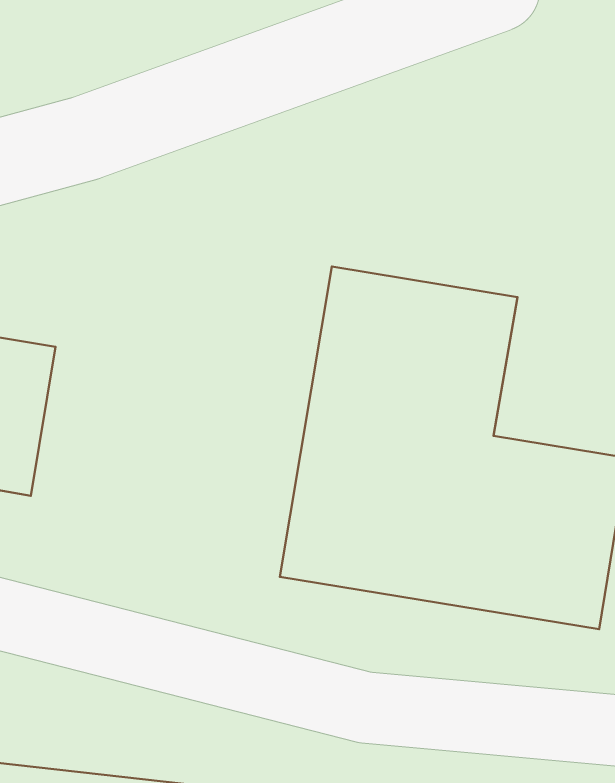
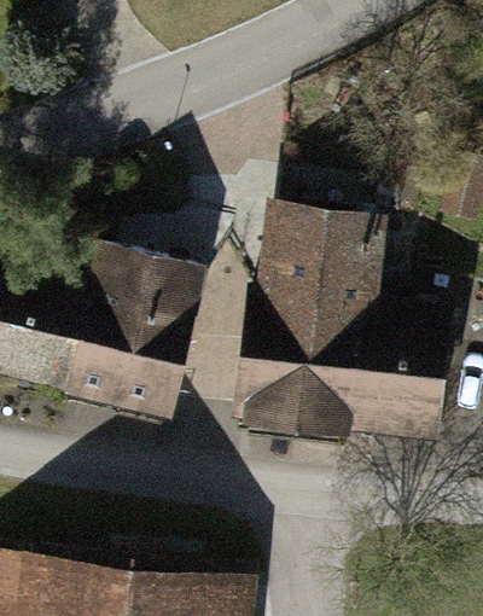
building: none -> [86,250,205,411]

